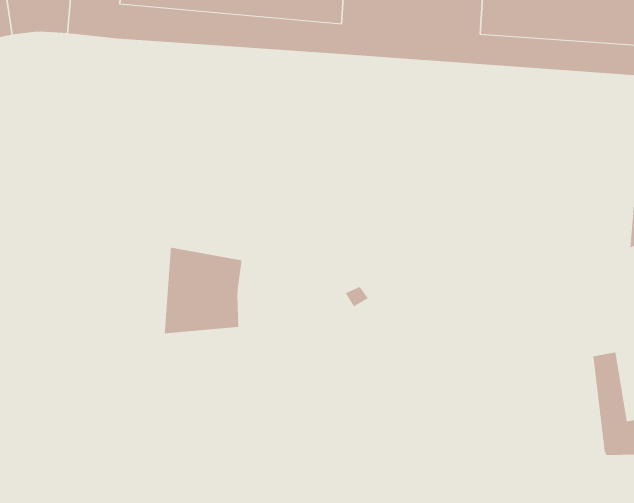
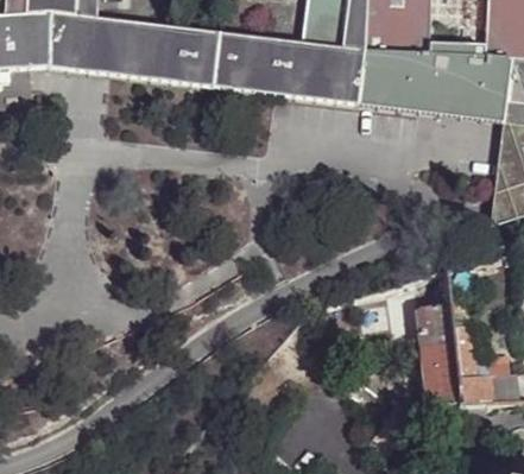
building: [164,247,242,334] -> none
building: none -> [421,301,459,402]

